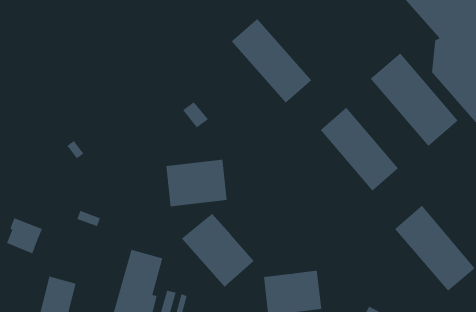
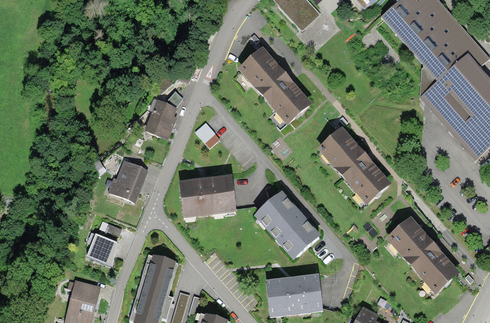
building: [370,53,459,147] -> none
building: none -> [144,91,183,138]
building: none -> [109,160,147,202]
building: [181,213,254,288] -> [254,191,320,258]
building: [6,218,43,254] -> [84,232,117,265]

